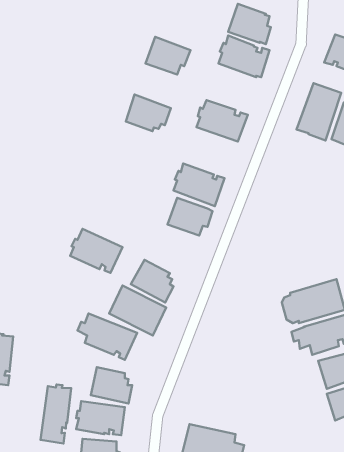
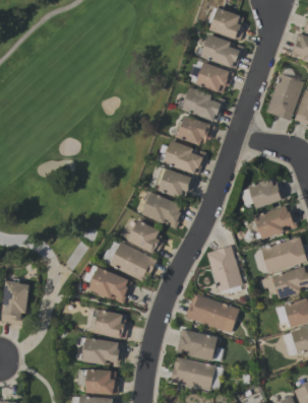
building: [145,37,190,75] -> [195,62,233,93]
building: [126,95,171,131] -> [177,115,214,145]
building: none -> [239,177,286,209]
building: [70,229,123,273] -> [141,192,185,228]
building: none -> [254,205,297,241]
building: none -> [206,246,242,291]
building: none -> [185,293,239,333]
building: [41,384,71,443] -> none
building: none -> [175,329,218,361]

